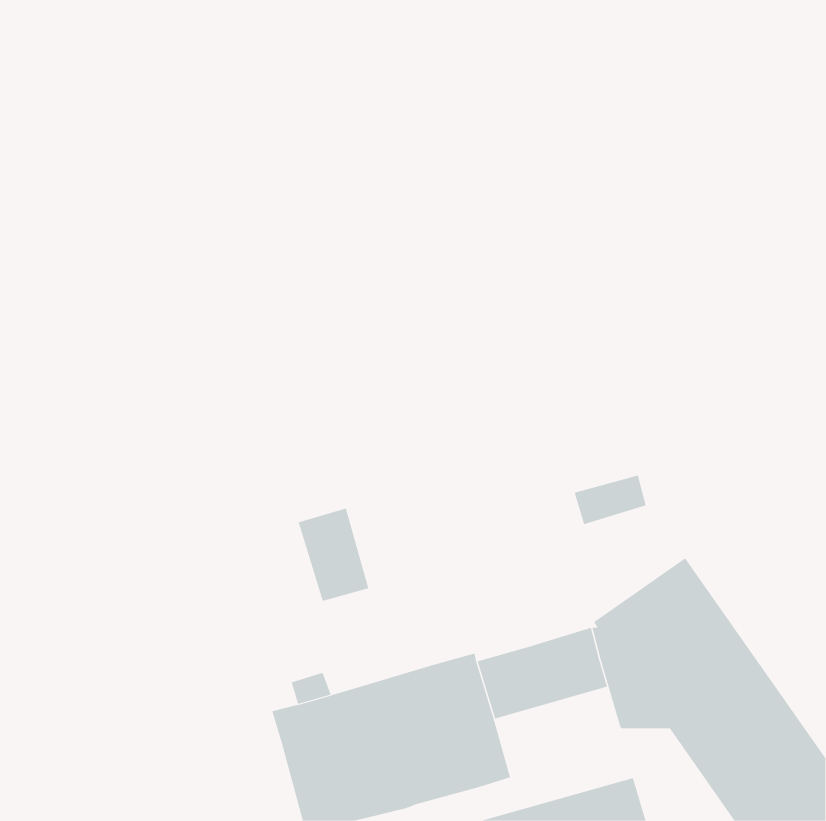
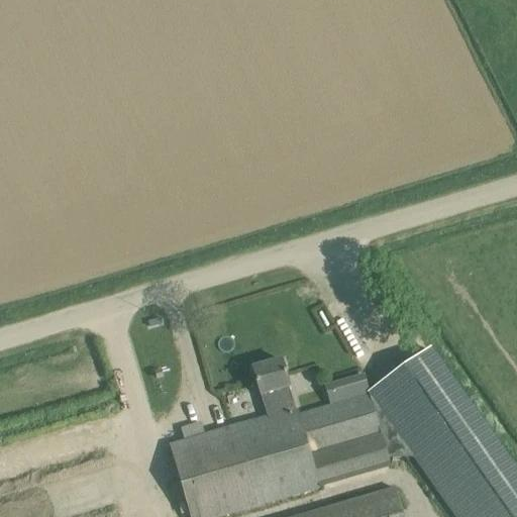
building: [574,475,647,525] -> [324,373,370,404]
building: [298,508,369,601] -> [252,357,297,416]
building: none -> [309,429,391,486]

